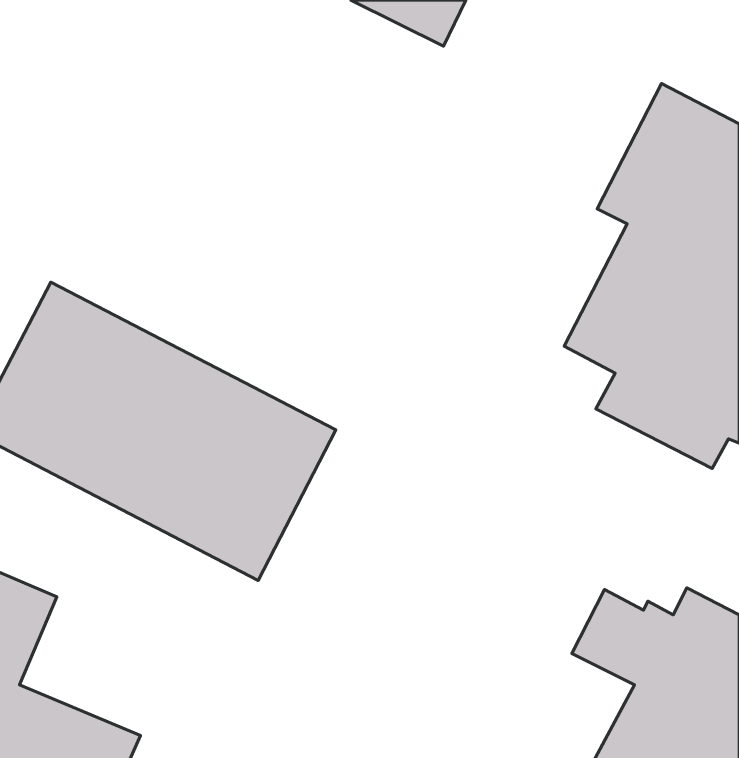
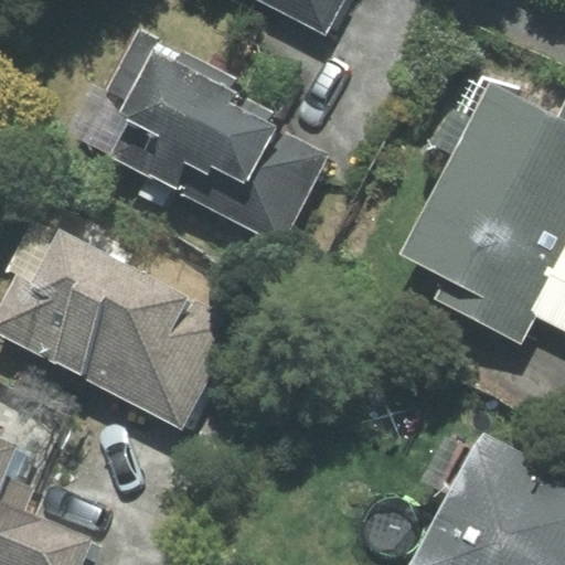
building: none -> [106,33,324,249]

